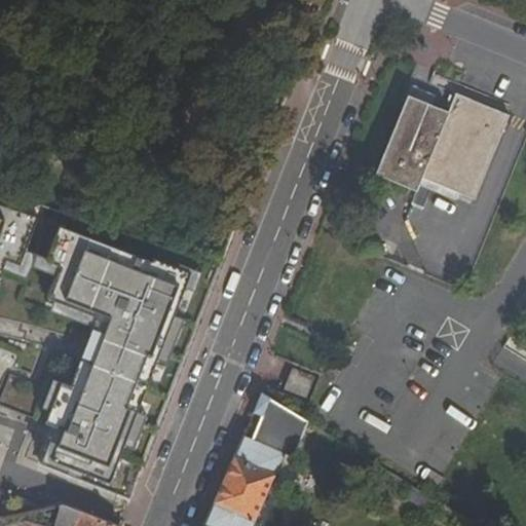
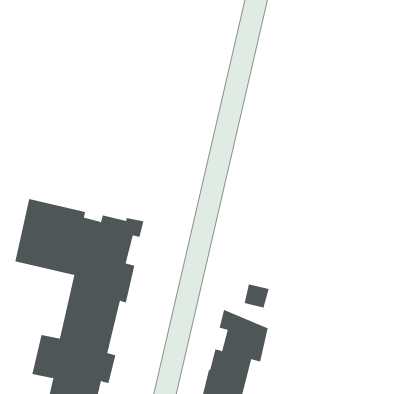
building: [376,92,508,198] -> none

